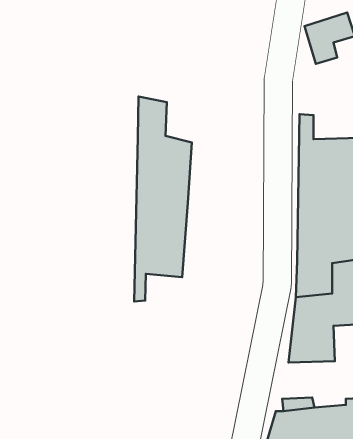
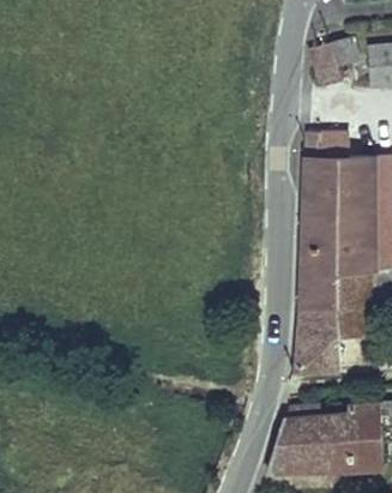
building: [134,96,192,301] -> none

